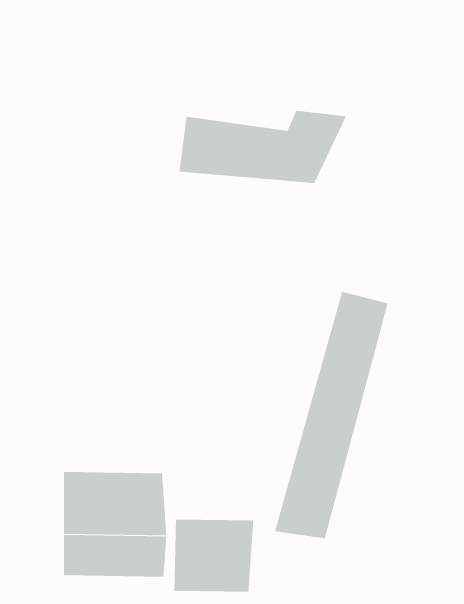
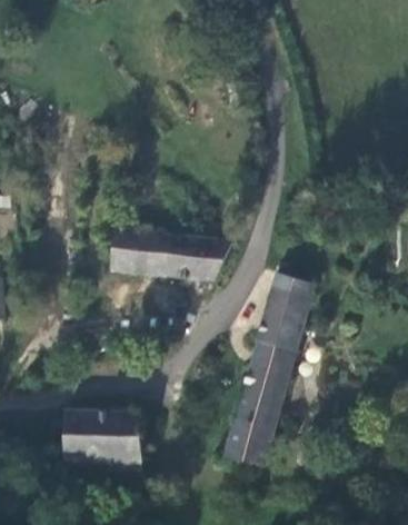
building: [178,110,347,183] -> [110,222,238,278]
building: [174,519,254,592] -> none

